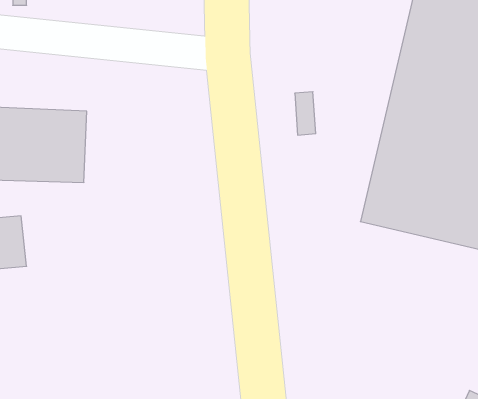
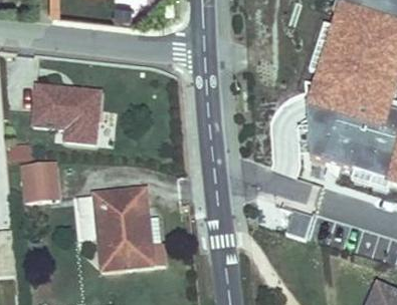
building: none -> [90,187,154,272]

